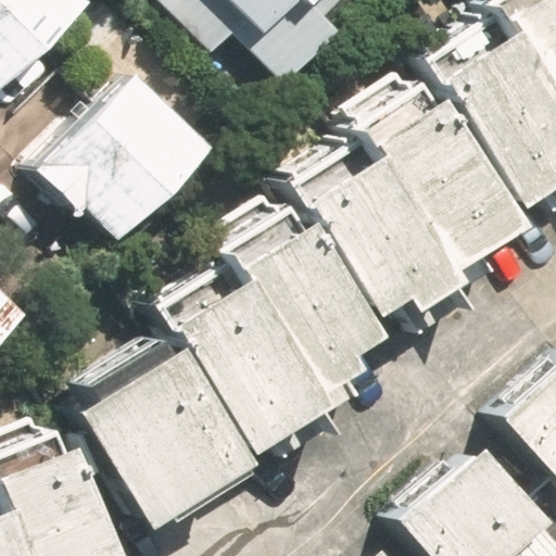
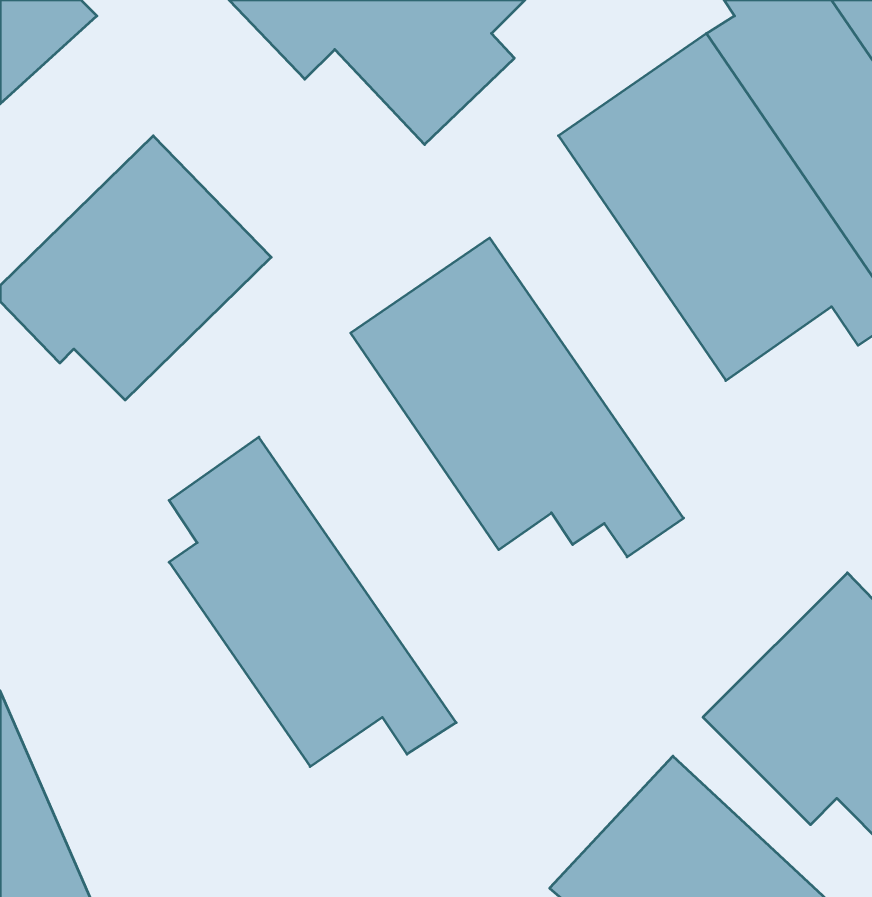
building: [317,86,496,321] -> none
building: [165,207,367,447] -> none
building: [25,363,199,551] -> none

